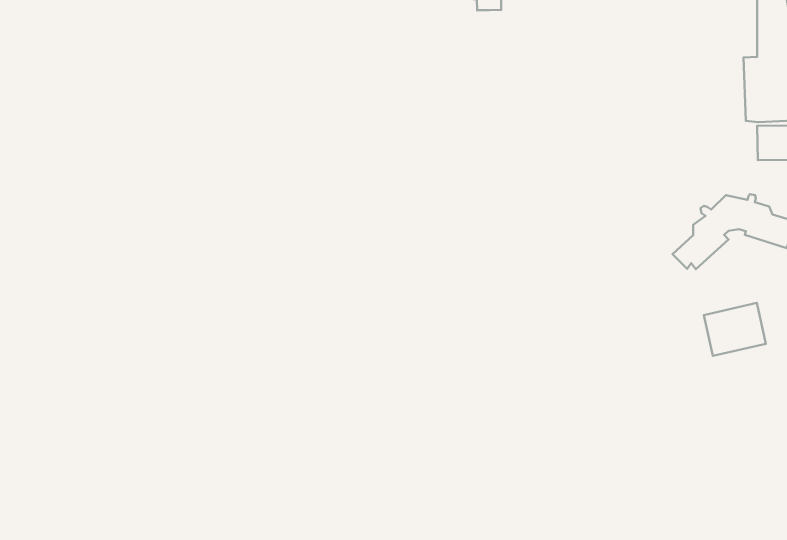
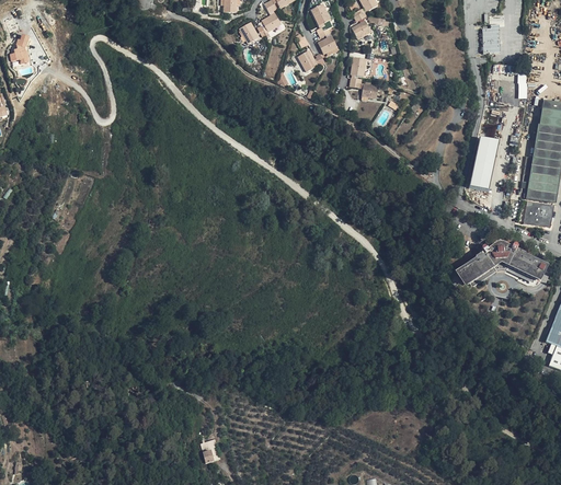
building: none -> [470,137,499,190]
building: [704,303,766,356] -> none

